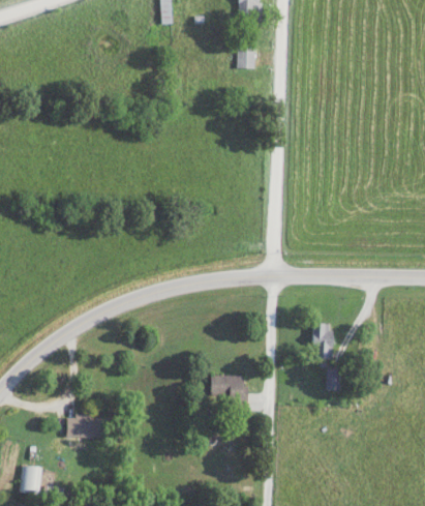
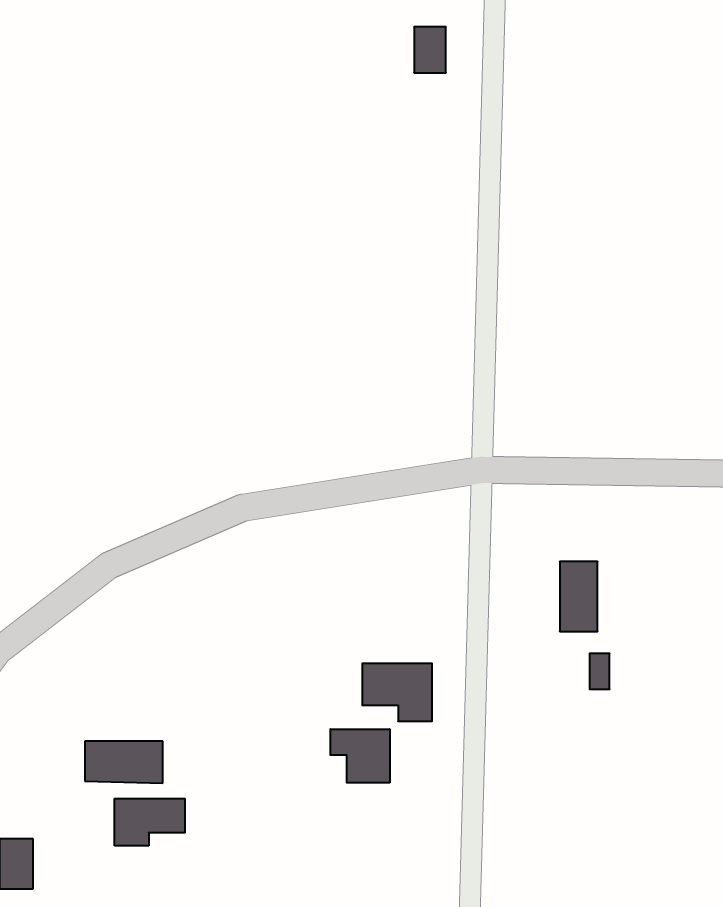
building: none -> [330,729,390,783]
building: none -> [115,799,185,846]

